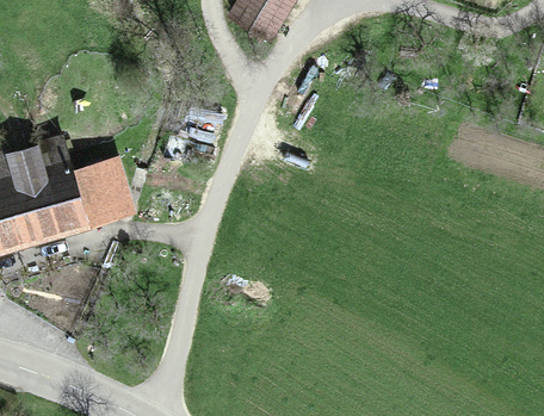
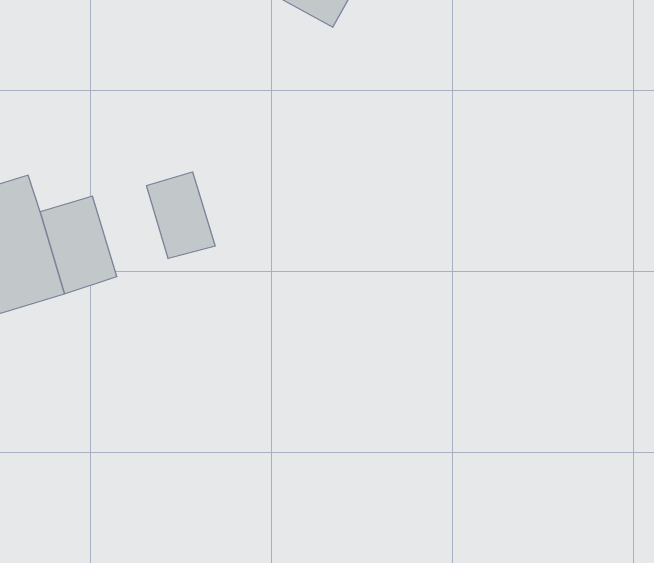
building: none -> [147,172,215,259]

